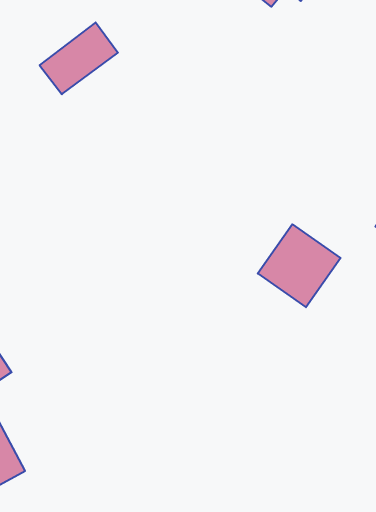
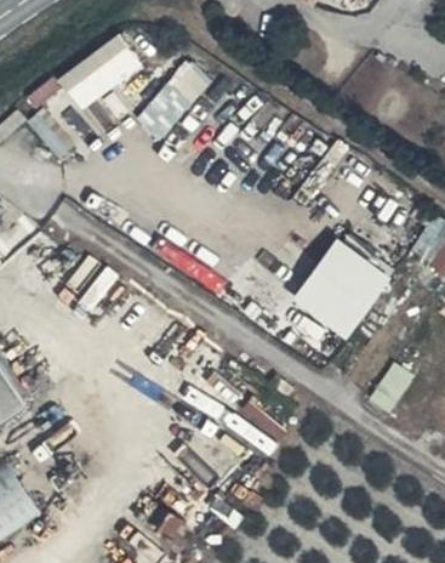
building: none -> [137,58,210,137]

